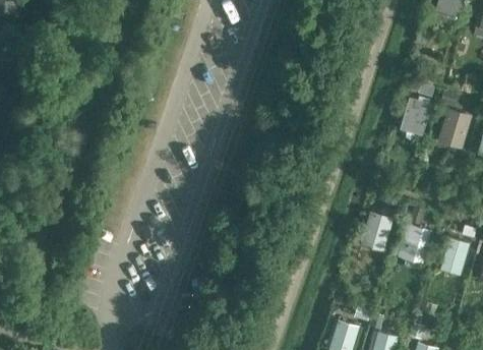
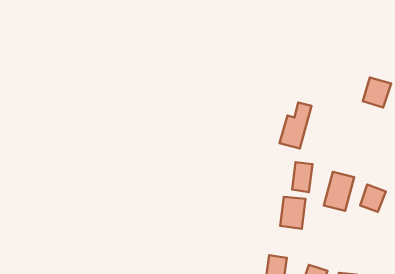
building: [400,84,436,137] -> [279,102,311,148]
building: none -> [280,197,306,229]

